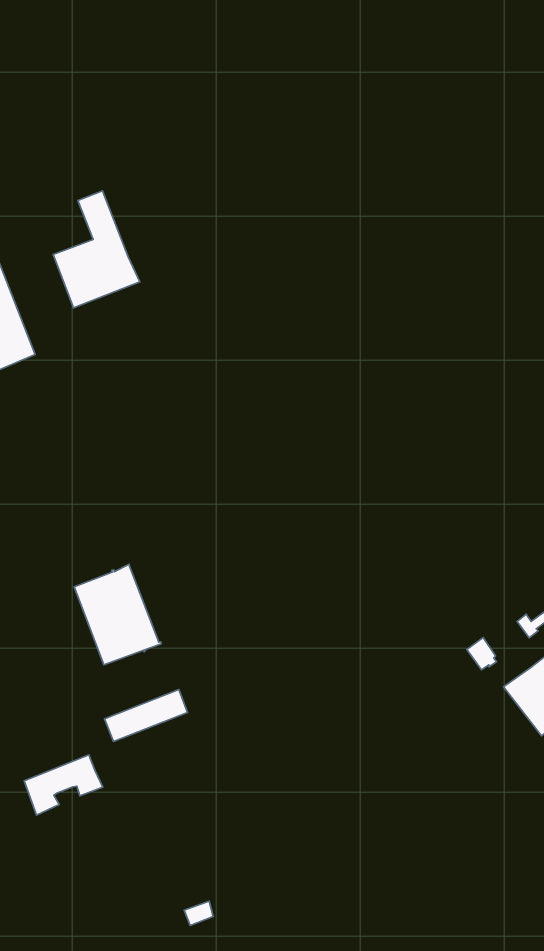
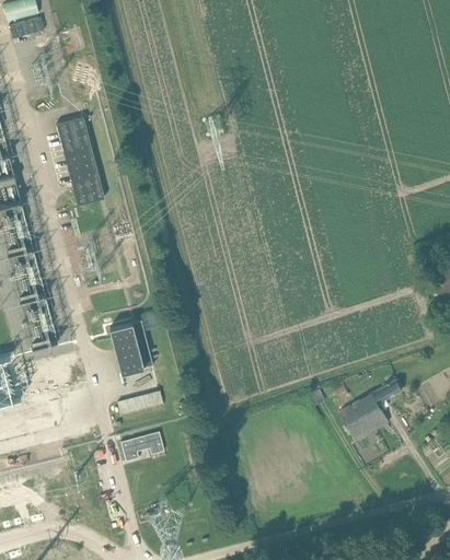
building: [53,191,140,308] -> none
building: [24,755,103,815] -> [122,431,164,460]

